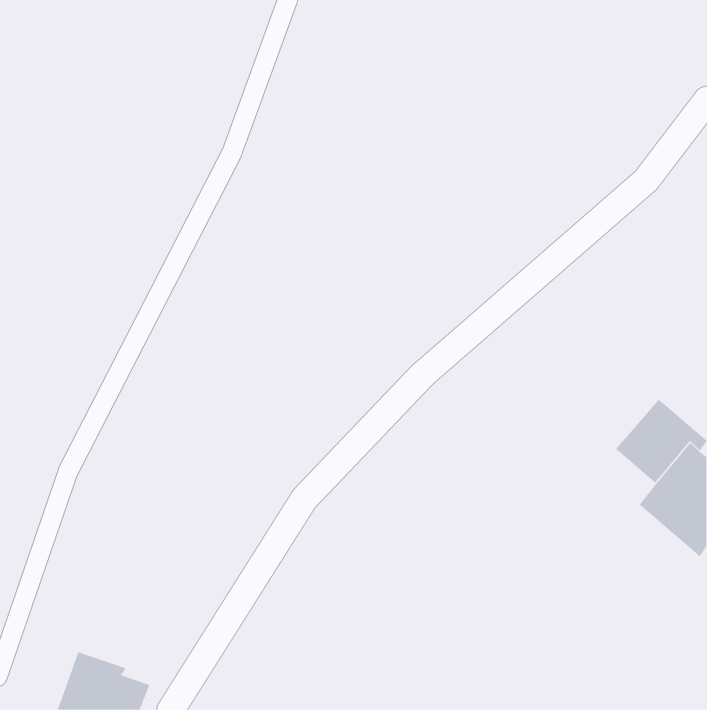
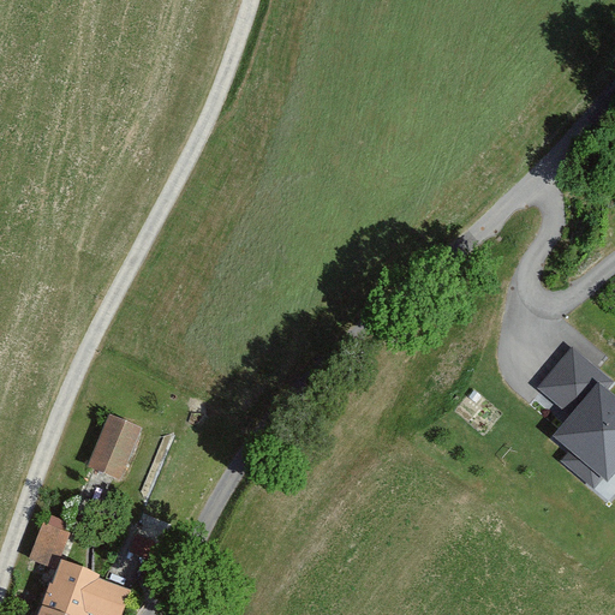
building: none -> [91,414,141,476]
building: none -> [31,523,72,568]

